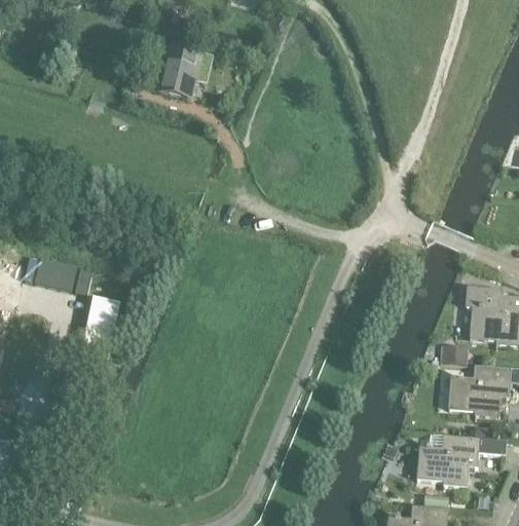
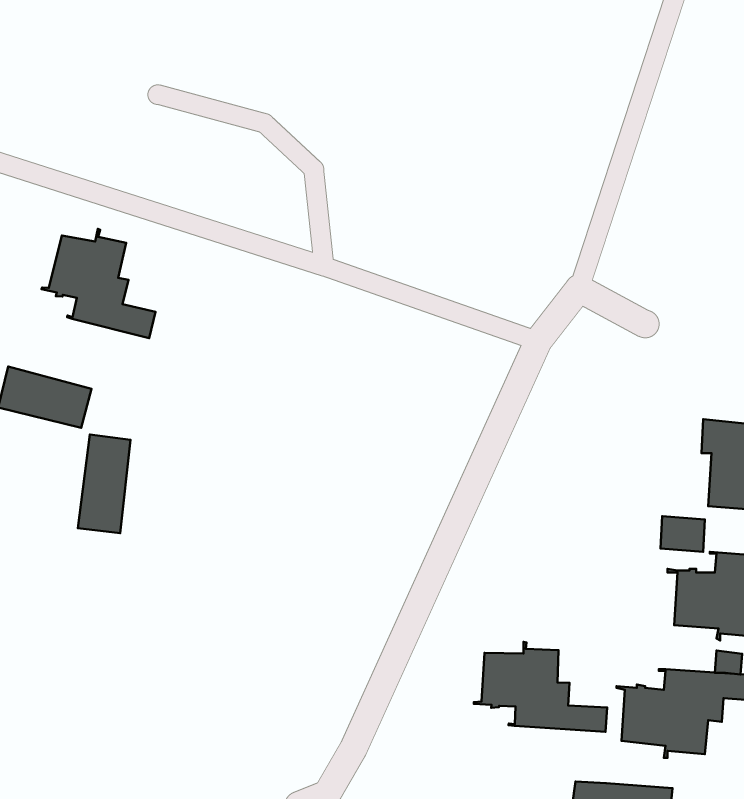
building: [157,44,200,99] -> none
building: none -> [41,229,156,338]
building: none -> [474,642,607,732]

